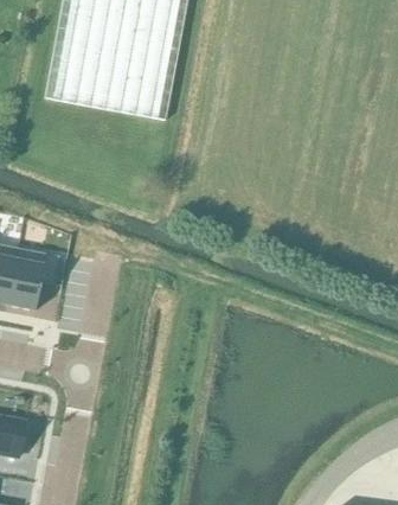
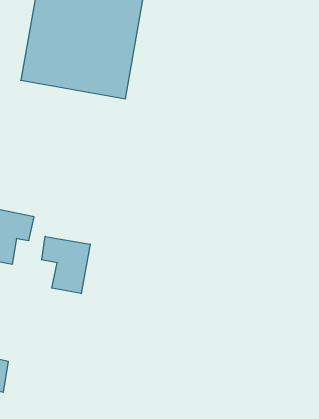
building: none -> [42,236,90,294]

